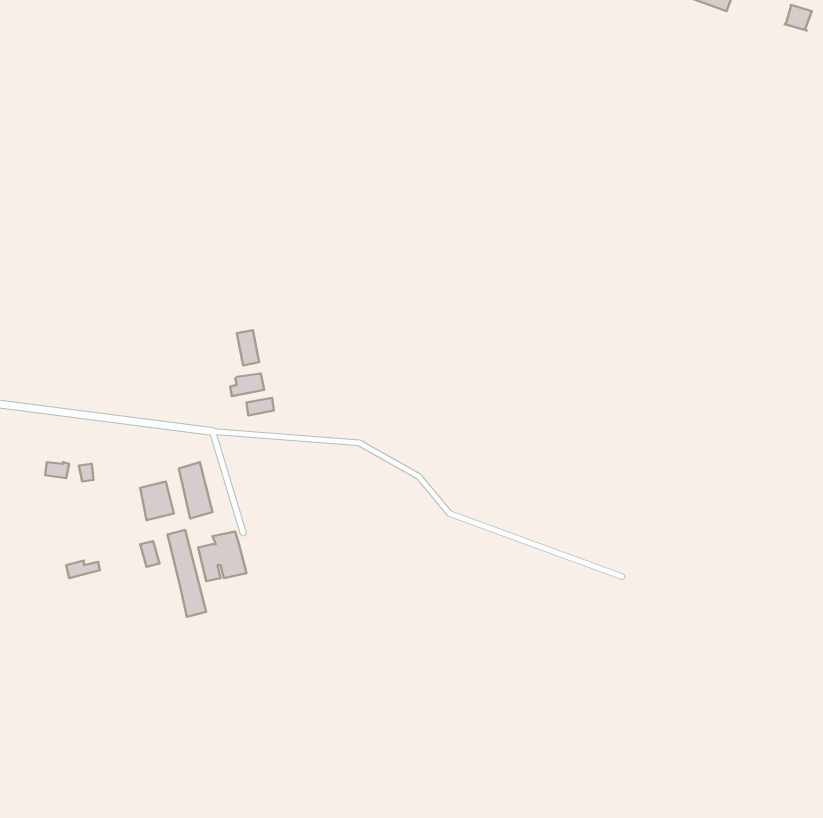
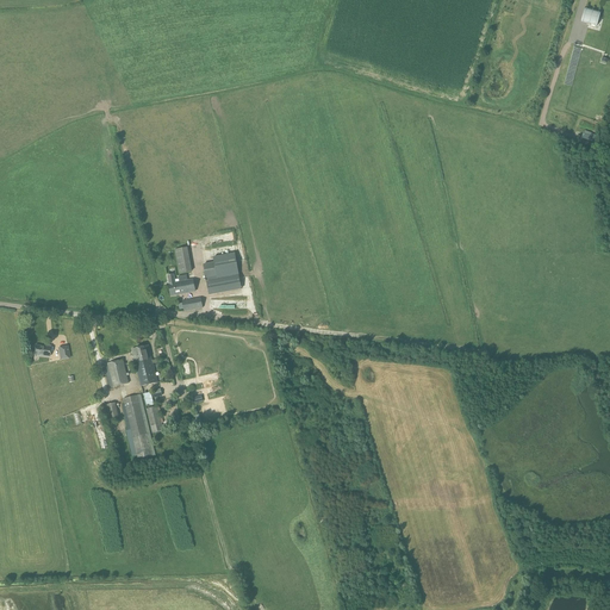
building: none -> [204,254,241,292]

